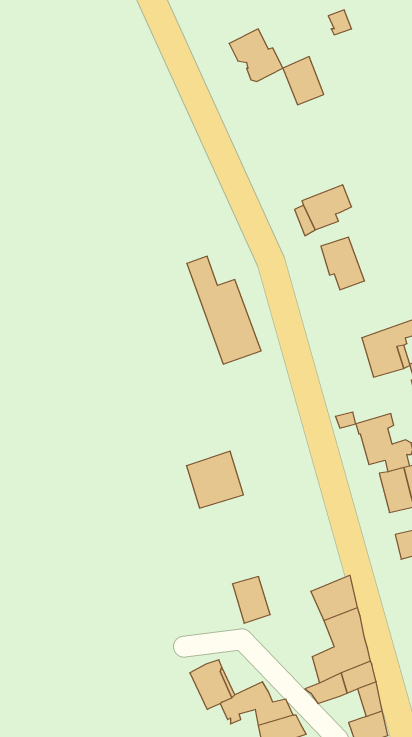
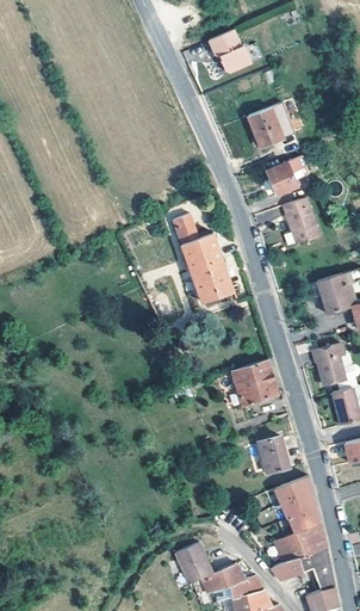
building: [283,57,324,105] -> [249,107,283,147]
building: [186,451,243,508] -> [231,359,278,406]
building: [232,577,270,623] -> [257,436,288,474]

